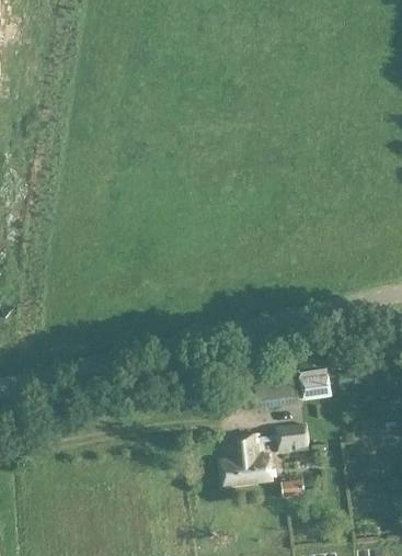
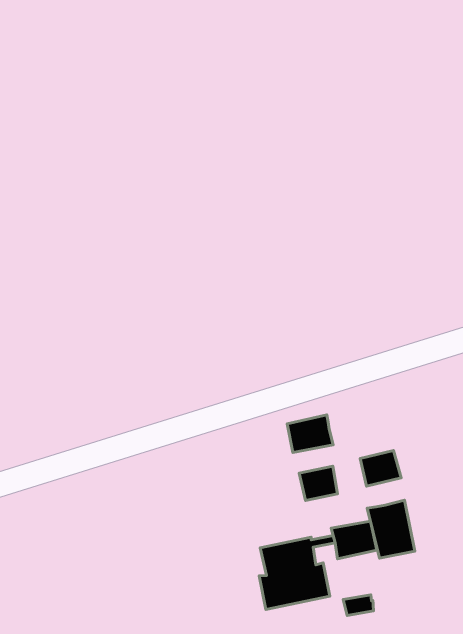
building: none -> [287,415,333,453]
building: none -> [367,500,415,558]

